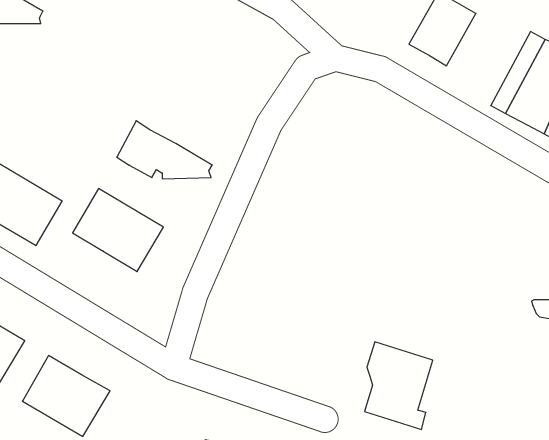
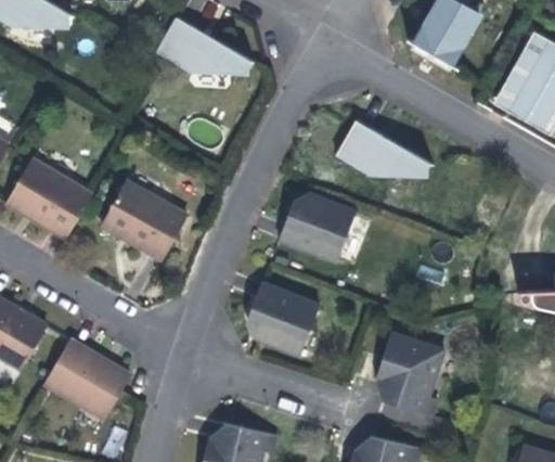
building: none -> [334,118,426,172]
building: [117,121,212,179] -> [159,17,250,73]
building: none -> [281,182,357,249]
building: none -> [249,278,326,356]

